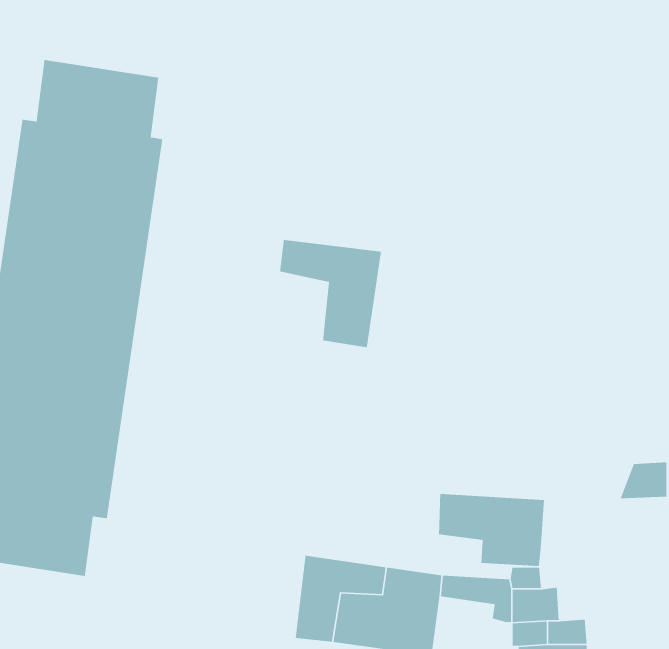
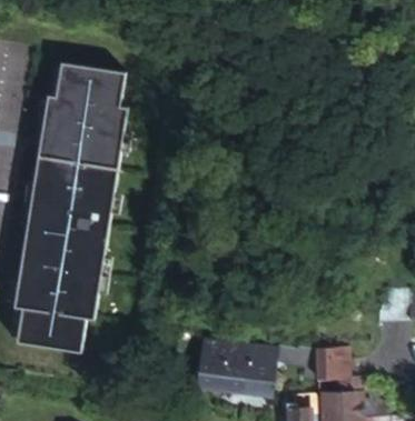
building: [279,239,382,348] -> none
building: [438,493,545,567] -> none

